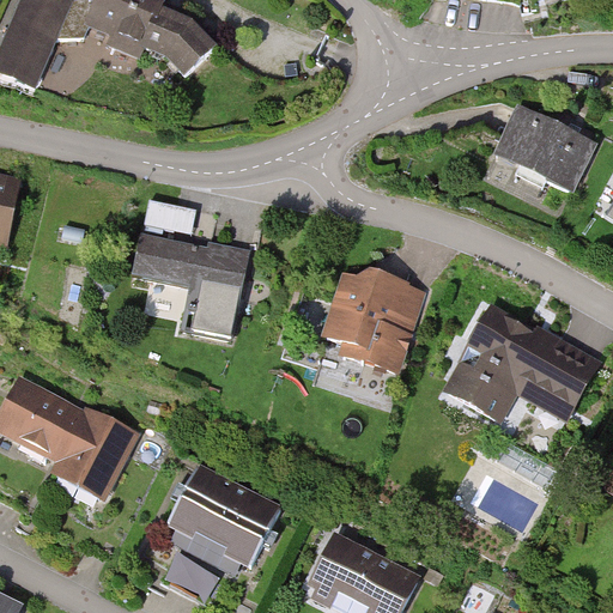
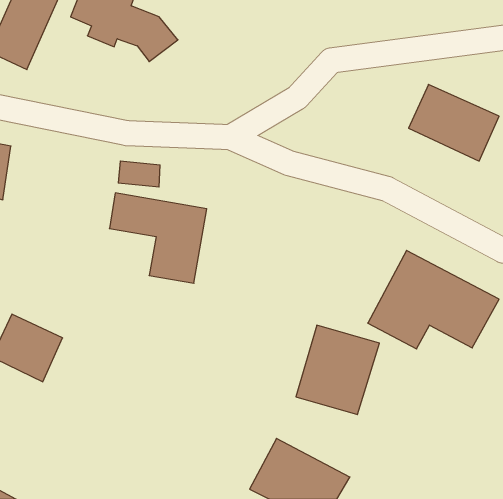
building: [322,267,423,375] -> [296,325,379,415]
building: [45,407,138,499] -> none
building: [163,461,284,576] -> none
building: [159,547,218,596] -> none

